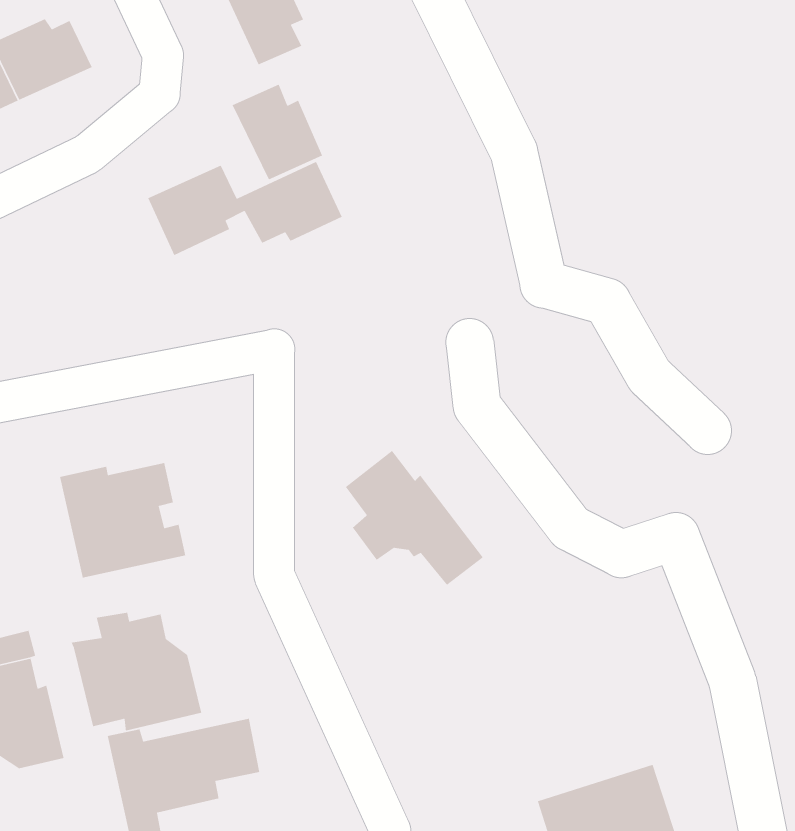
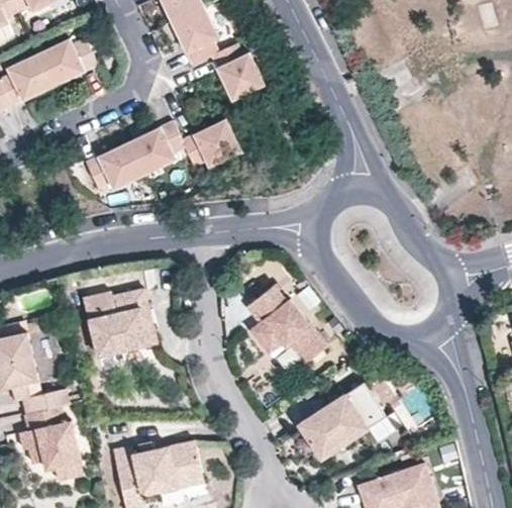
building: [231,84,323,181] -> [213,44,266,100]
building: none -> [89,141,146,188]
building: [70,612,202,732] -> none
building: none -> [298,382,385,458]

